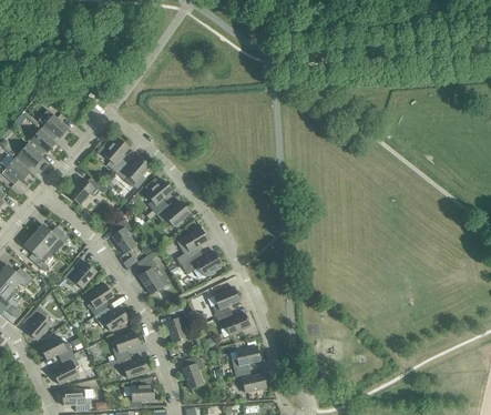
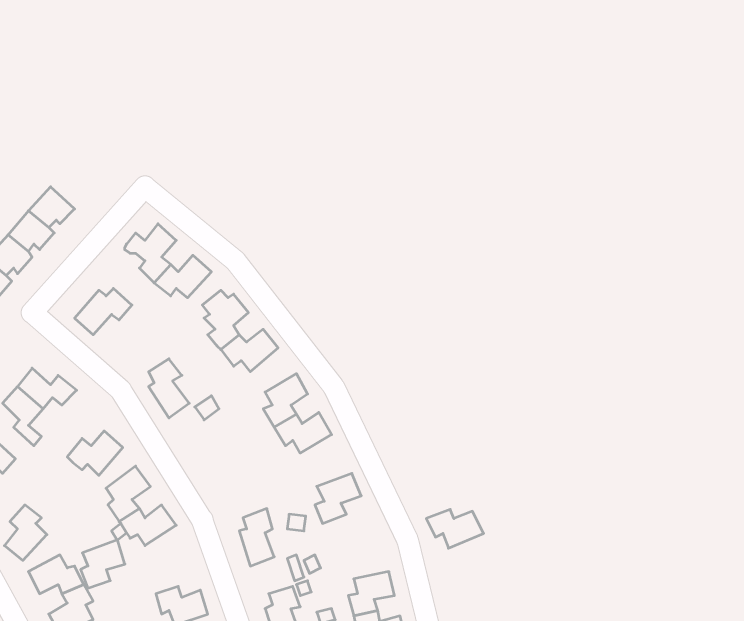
building: [139,259,163,294] -> none
building: [216,312,250,335] -> [426,509,484,548]
building: [112,331,139,360] -> [81,540,125,588]

